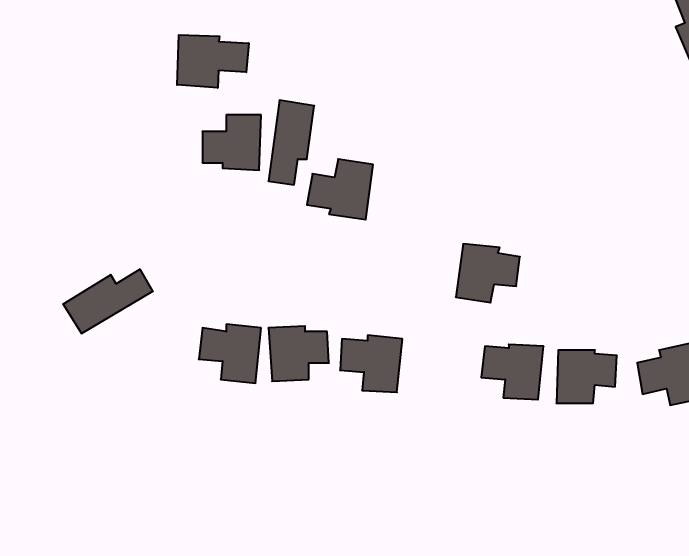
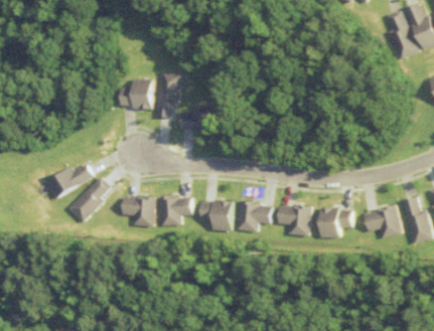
building: [177,35,249,88] -> none
building: [456,244,520,303] -> [239,200,274,232]
building: none -> [71,177,114,222]

